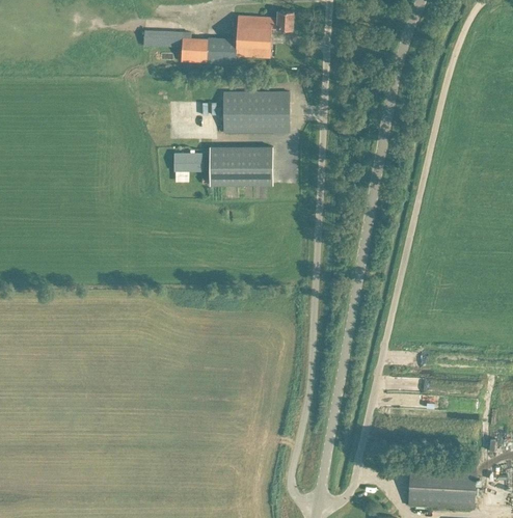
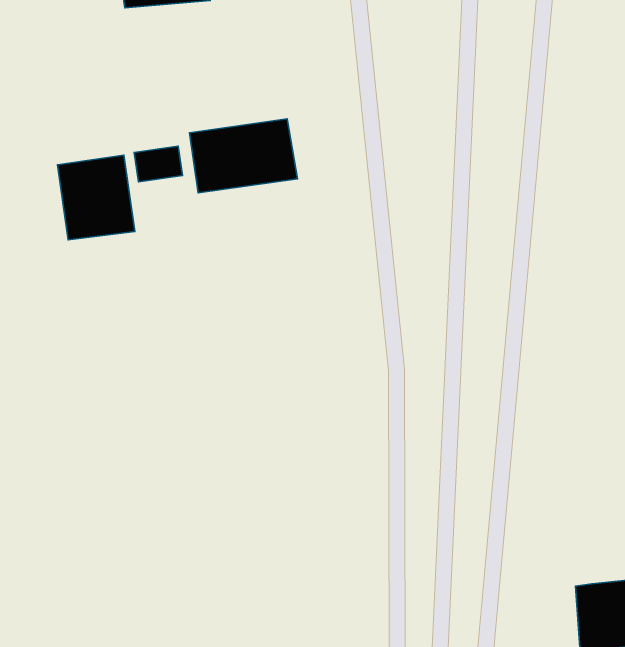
building: [223,92,289,132] -> none
building: none -> [57,155,135,240]

